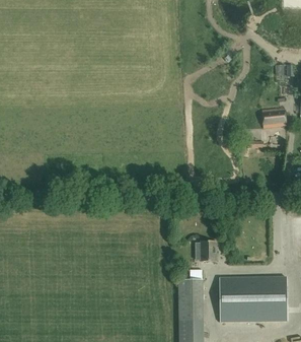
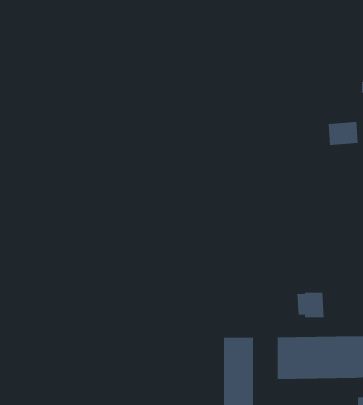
building: [195,242,217,262] -> [297,292,325,318]

